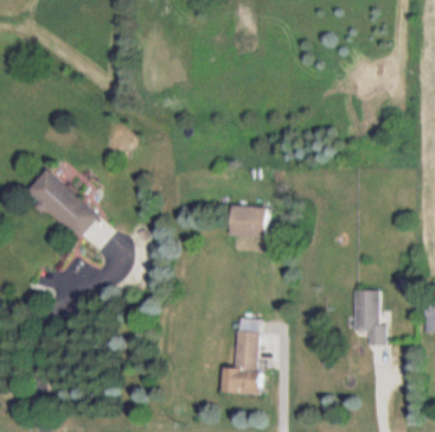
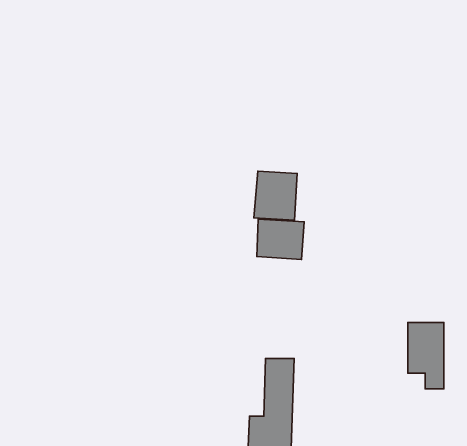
building: none -> [254,171,297,220]
building: [26,167,97,237] -> none

